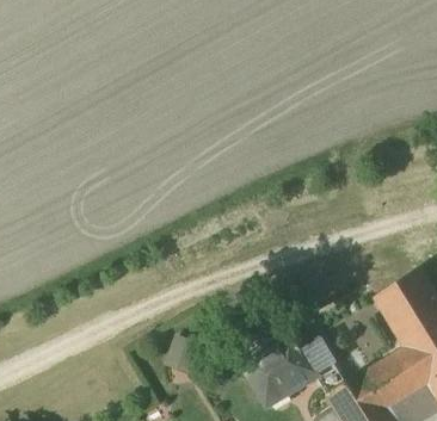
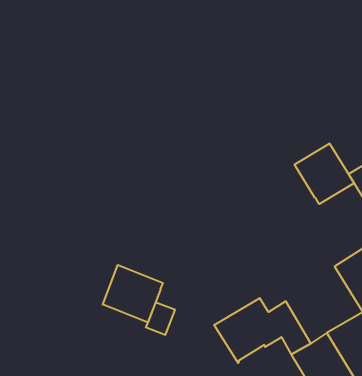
building: none -> [295,143,354,204]
building: none -> [103,265,163,323]

